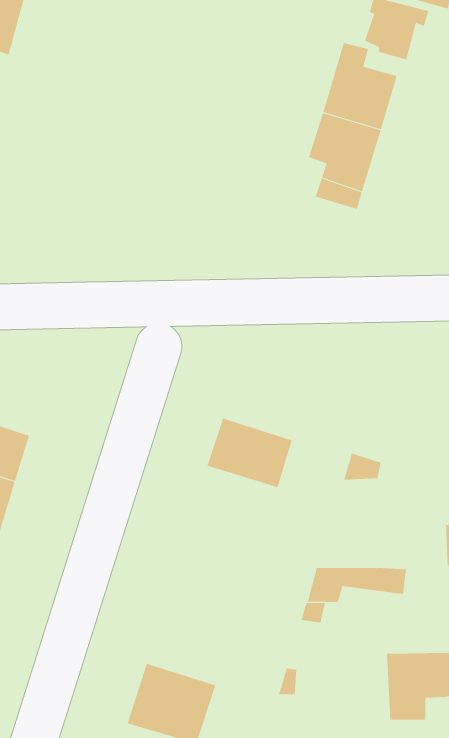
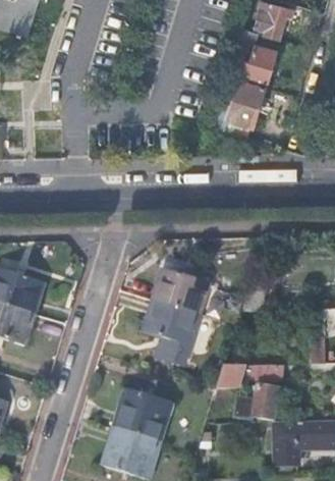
building: none -> [146,300,201,365]
building: none -> [232,383,274,419]
building: none -> [116,386,173,440]

